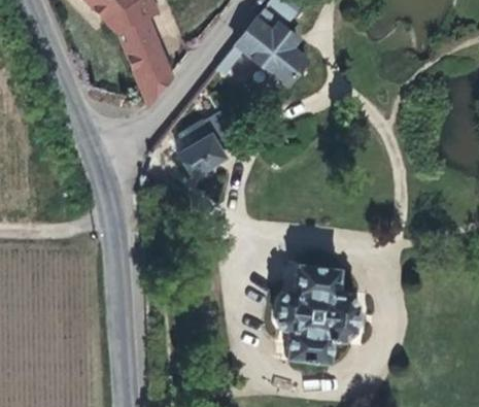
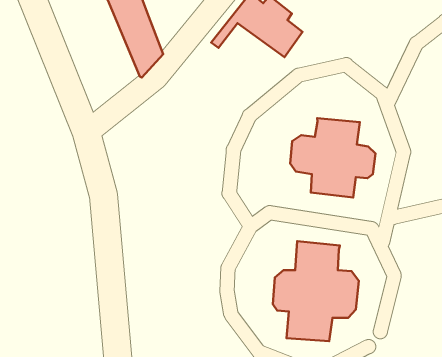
building: [180,109,242,176] -> none
building: none -> [290,118,375,198]

